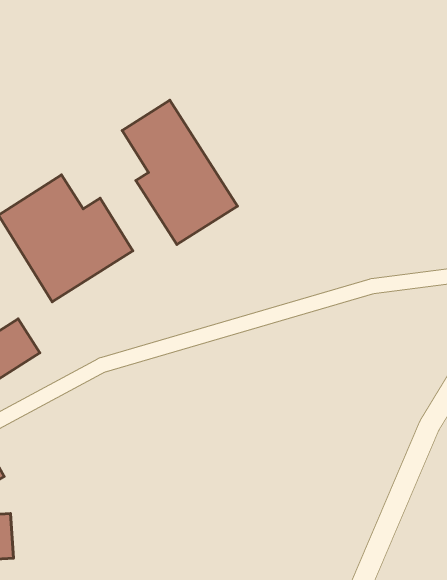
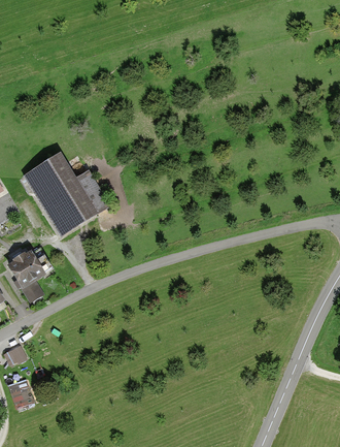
building: [122,100,238,244] -> none

